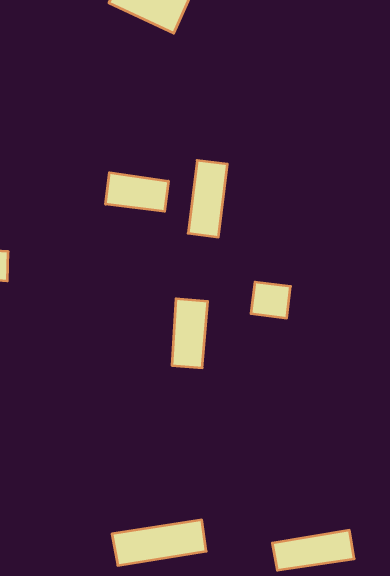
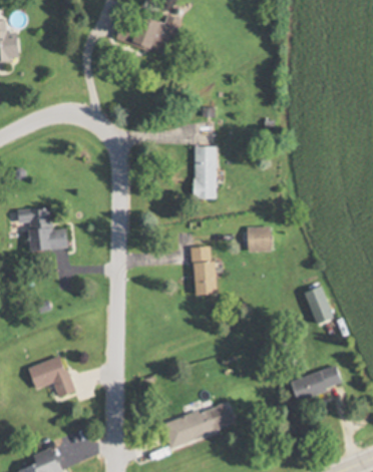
building: [106,173,168,211] -> none
building: none -> [306,287,333,324]
building: [272,530,354,570] -> [284,366,344,401]

